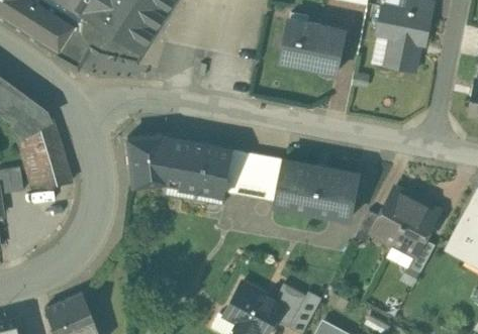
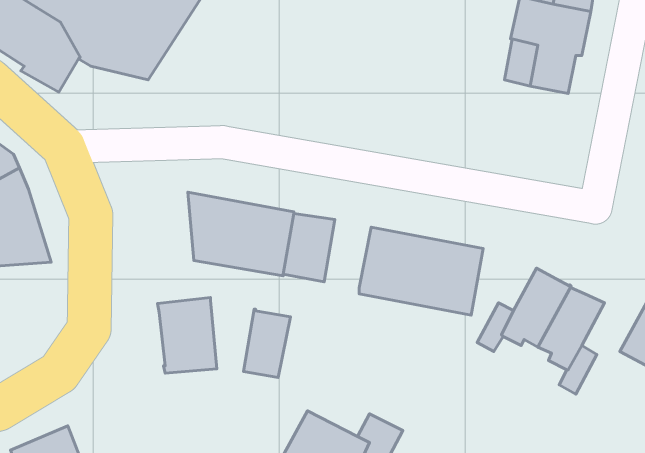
building: [282,19,346,72] -> none
building: [127,134,167,185] -> [158,297,217,373]
building: [254,154,285,200] -> [243,309,290,378]

